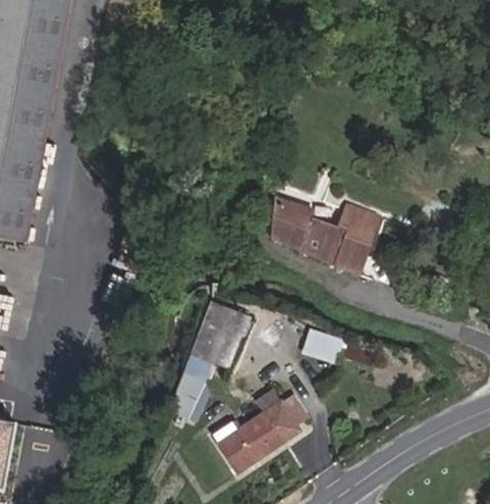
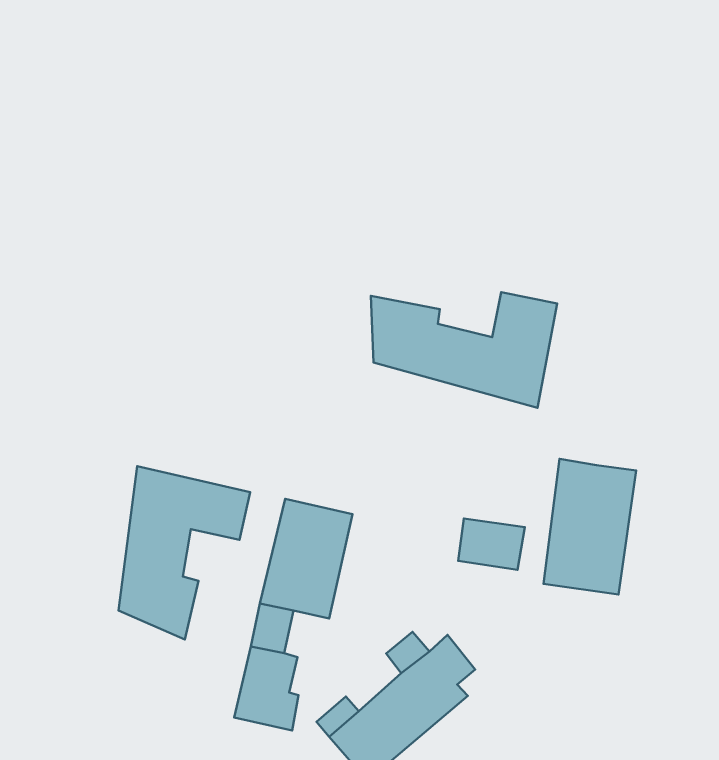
building: none -> [118,466,250,639]
building: none -> [543,459,636,594]

